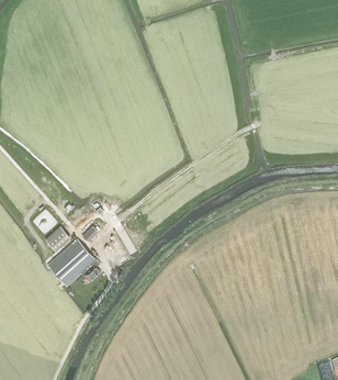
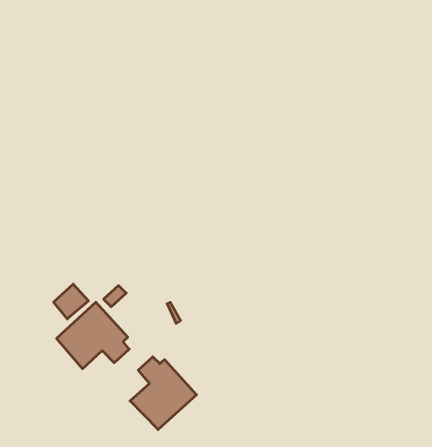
building: none -> [130,357,197,430]

